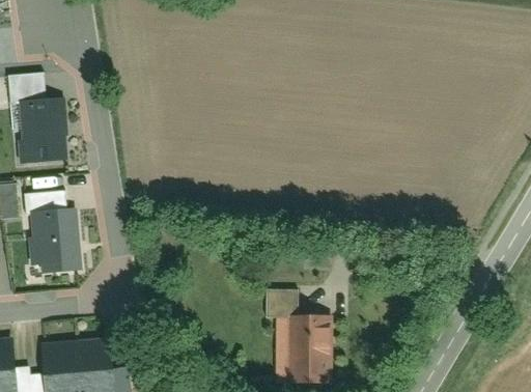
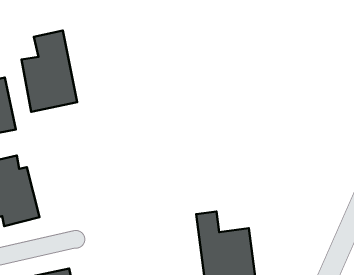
building: none -> [21,31,77,112]

